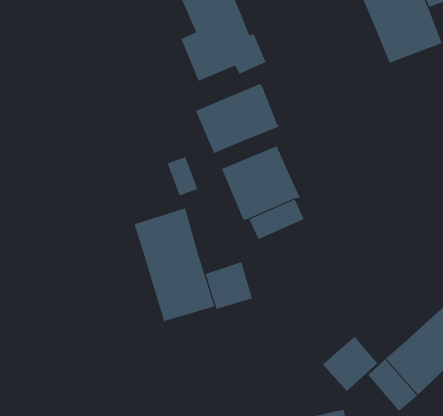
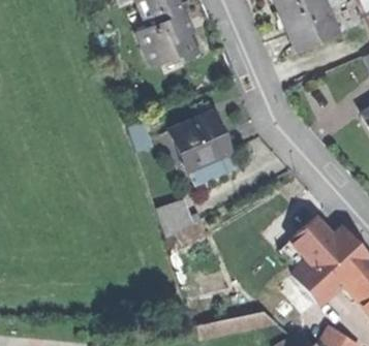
building: [195,83,280,154] -> none
building: [134,208,215,322] -> none
building: [322,336,378,392] -> [291,219,334,261]

